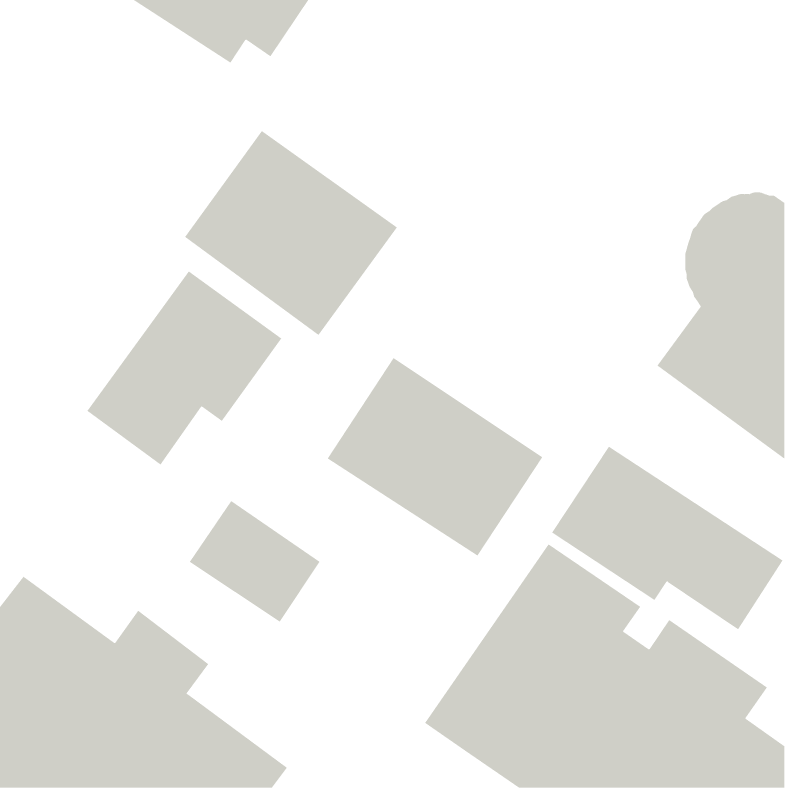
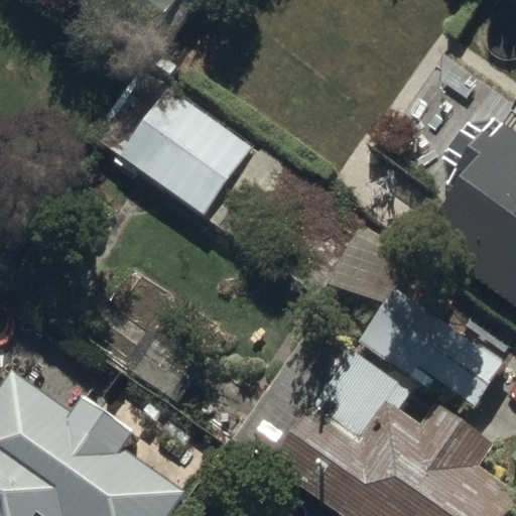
building: [86,271,282,466] -> none
building: [327,357,543,557] -> none

